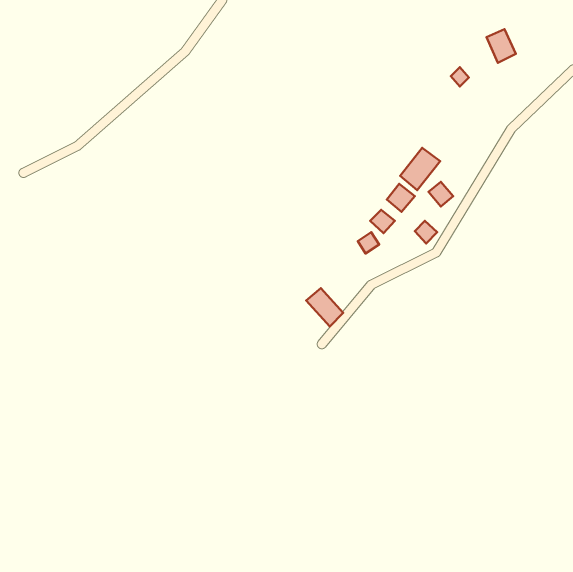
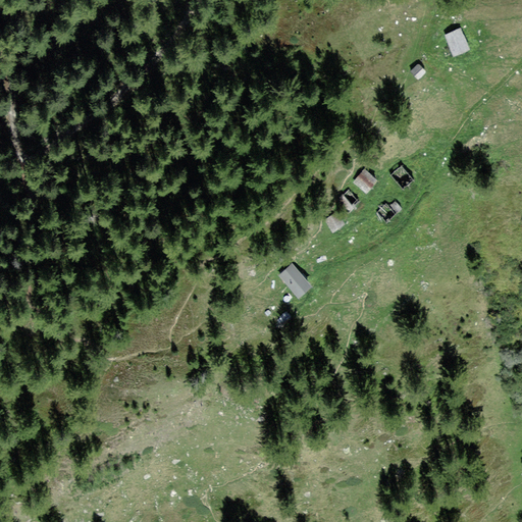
building: [400,148,440,190] -> none

